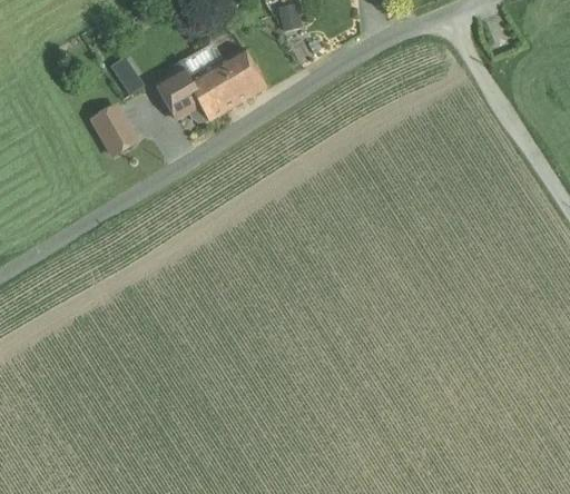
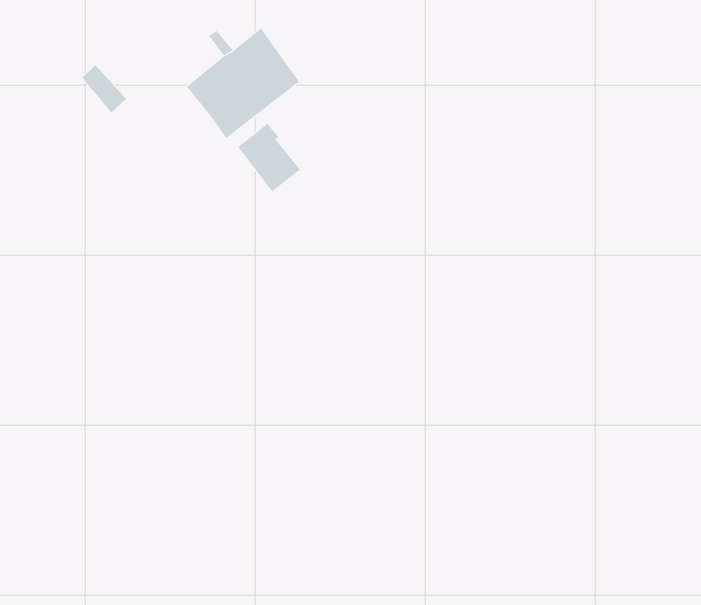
building: [155,68,197,117] -> [238,123,301,192]
building: [90,106,134,154] -> none

